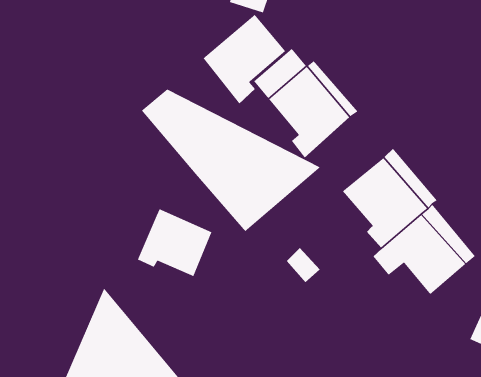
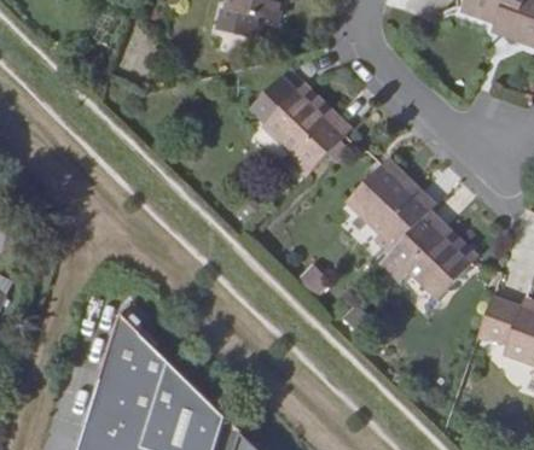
building: [203,14,286,104] -> none
building: [141,88,321,232] -> none
building: [137,208,213,277] -> none

